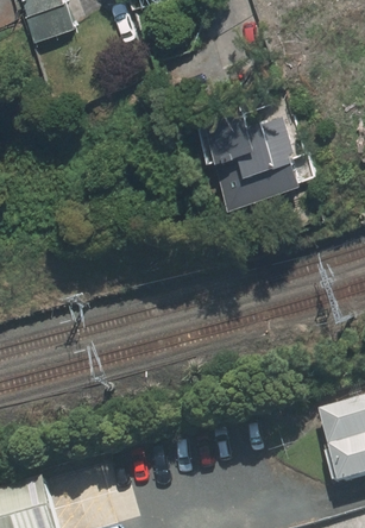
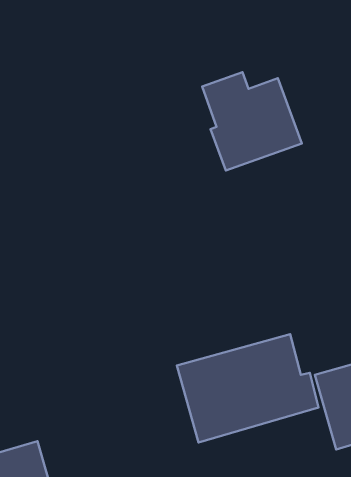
building: none -> [177,334,318,442]

